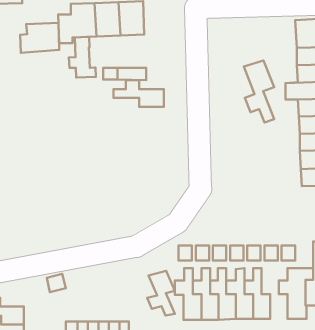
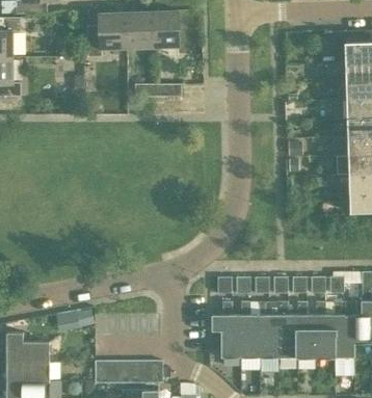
building: [20,23,59,53] -> none
building: [69,37,96,77] -> none
building: [244,61,274,122] -> none
building: [113,80,164,107] -> none
building: none -> [305,302,334,357]
building: [147,271,175,315] -> none

